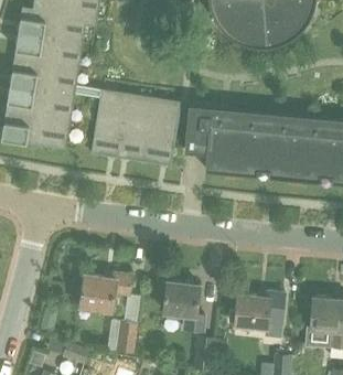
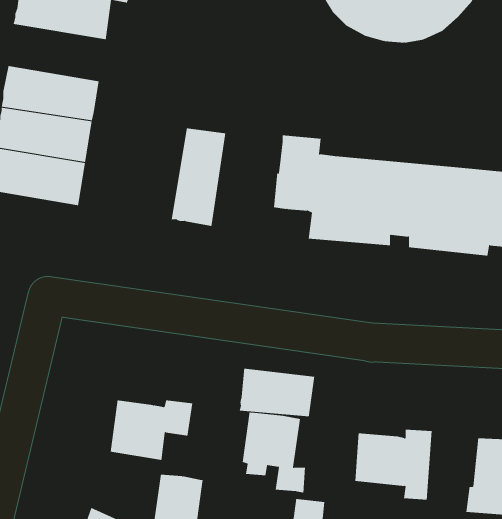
building: [14,32,77,68] -> none
building: [92,94,128,157] -> none
building: [144,101,181,165] -> none
building: none -> [239,368,315,417]

